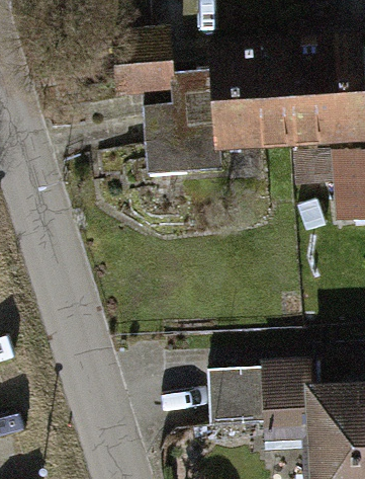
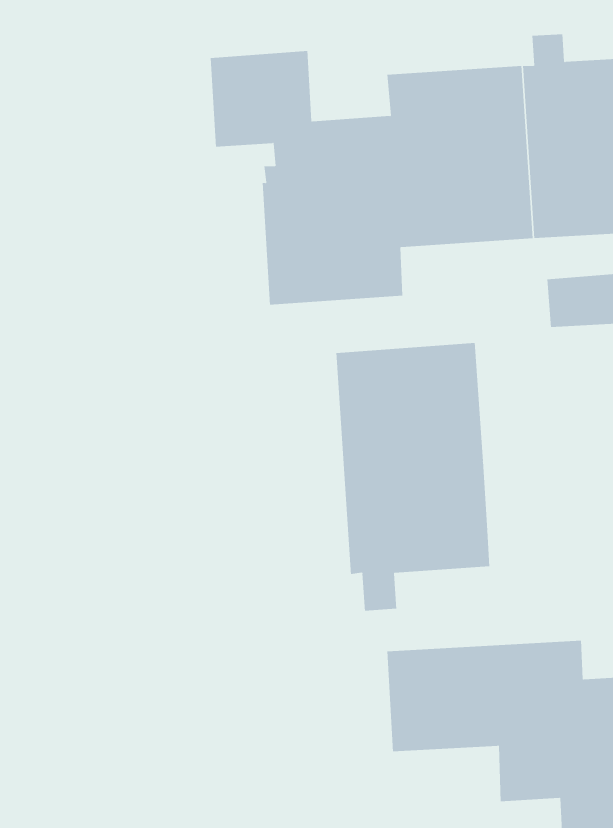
building: none -> [336,342,490,612]

